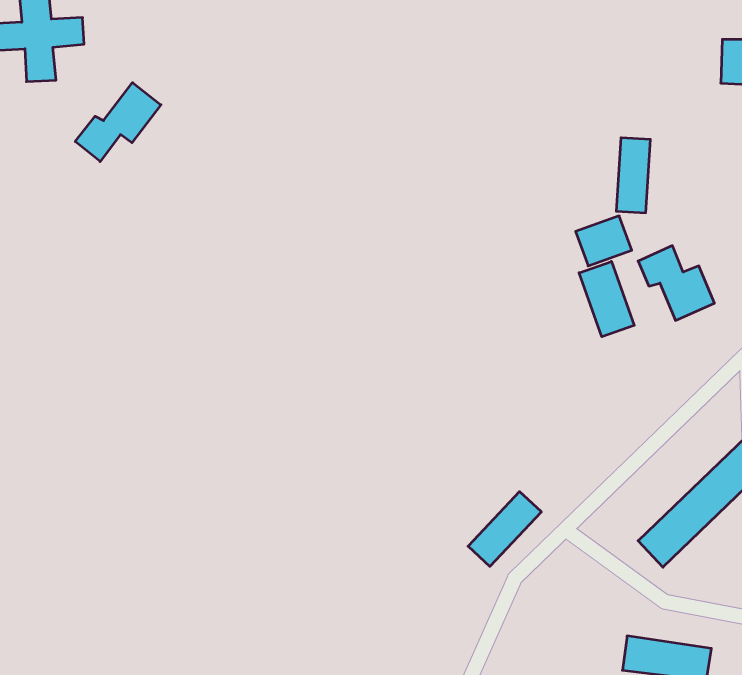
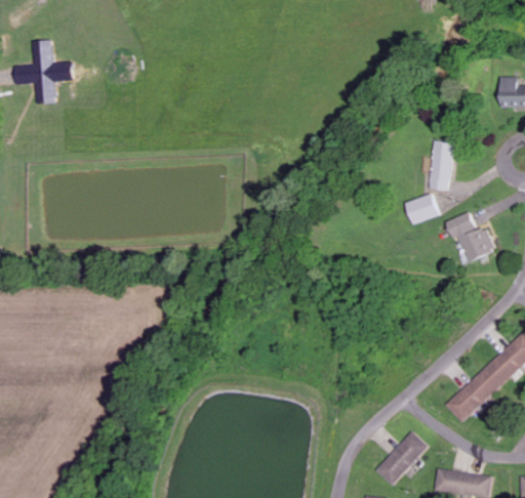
building: [75,83,161,162] -> none
building: [579,261,634,337] -> none
building: [468,492,541,566] -> [378,433,427,483]

